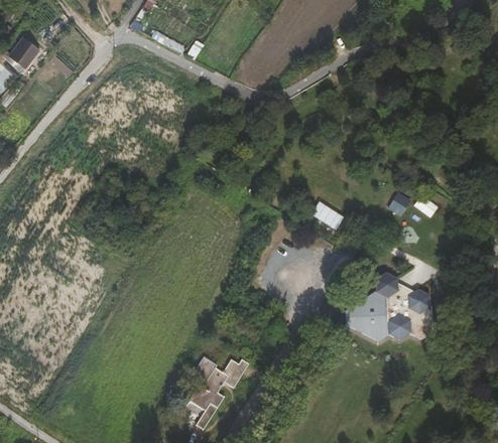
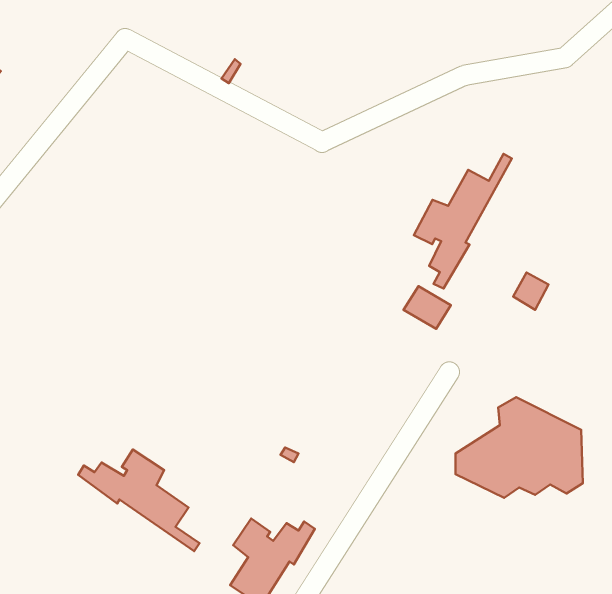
building: none -> [414,154,512,289]
building: none -> [78,449,200,551]

